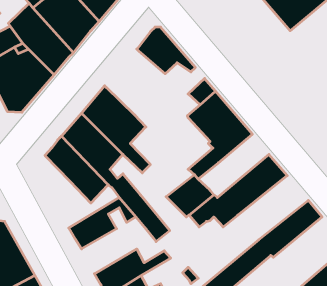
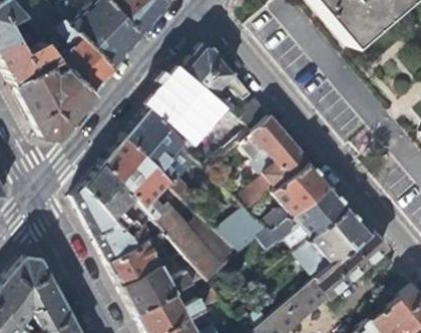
building: none -> [151,70,241,155]
building: none -> [265,161,329,231]
building: none -> [74,185,165,264]
building: none -> [295,207,372,277]
building: none -> [188,215,239,267]
building: none -> [124,265,202,314]

